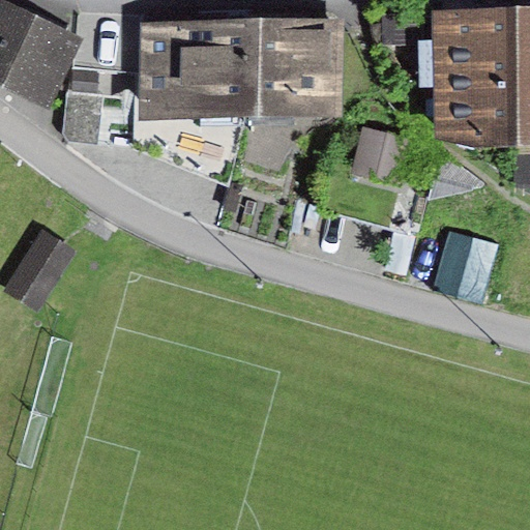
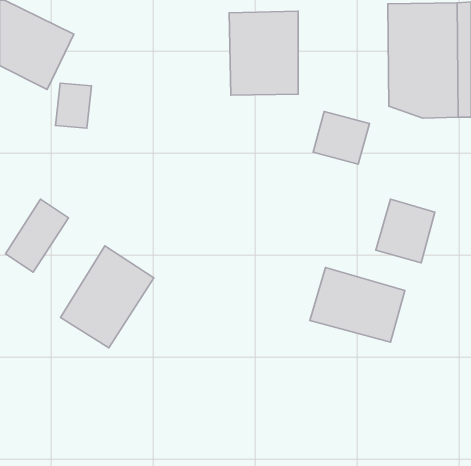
building: [141,21,259,116] -> none
building: none -> [61,246,154,348]
building: none -> [310,267,405,342]

